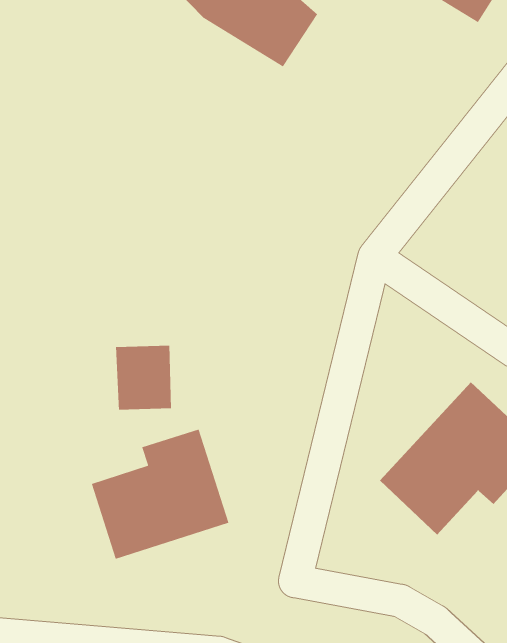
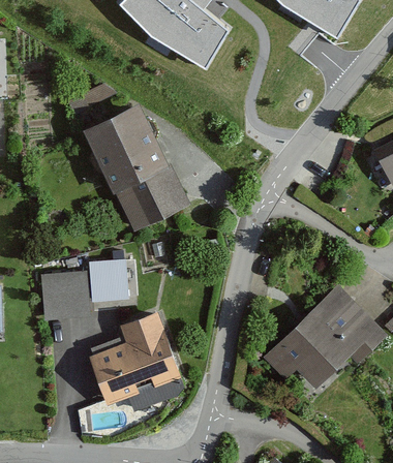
building: none -> [80,103,186,228]
building: none -> [48,268,100,321]

